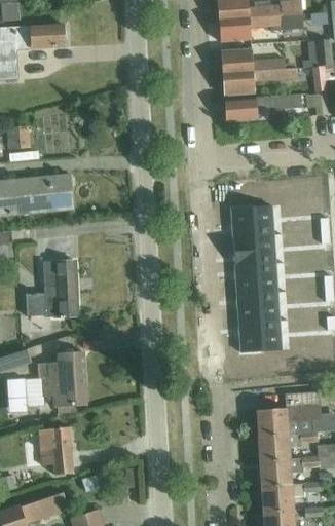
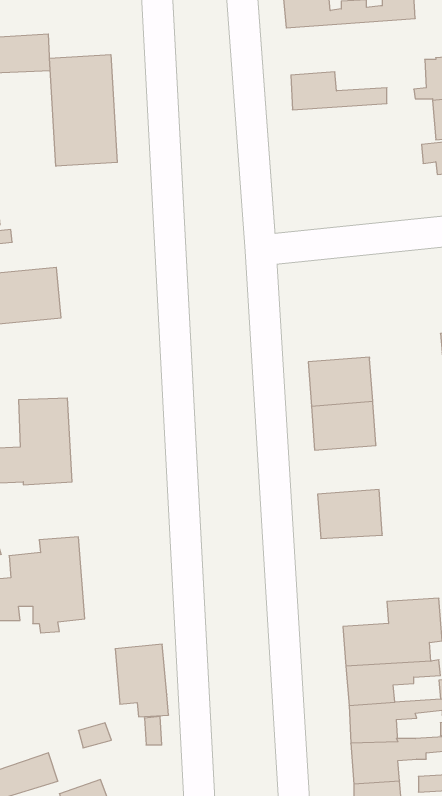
building: [219,12,305,41] -> none
building: none -> [50,55,117,166]
building: [223,67,298,95] -> none
building: [225,93,301,121] -> none
building: [231,204,273,236] -> none
building: [237,291,280,323] -> none
building: [39,425,74,473] -> [115,644,169,717]

